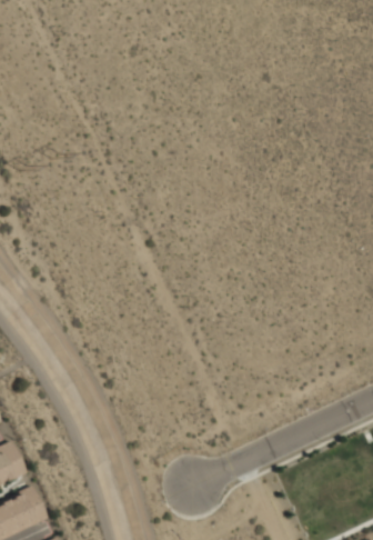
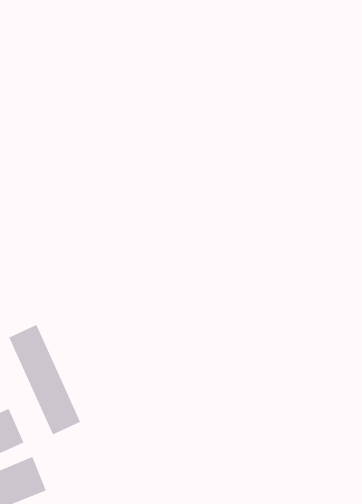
building: none -> [8,324,81,436]

